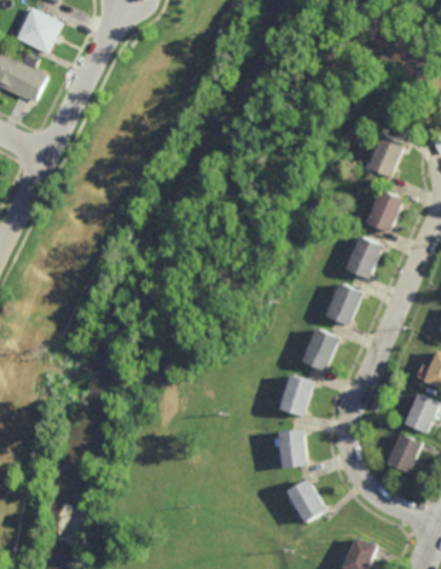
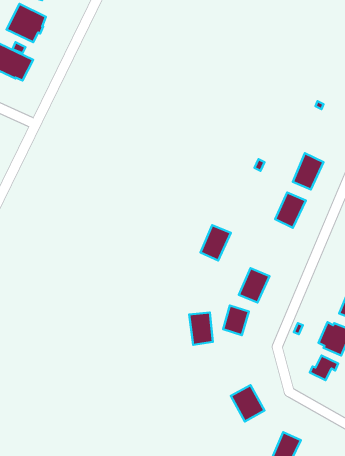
building: [366,134,405,179] -> none
building: [324,285,361,329] -> [200,225,231,260]
building: [282,425,311,465] -> [189,312,213,345]

